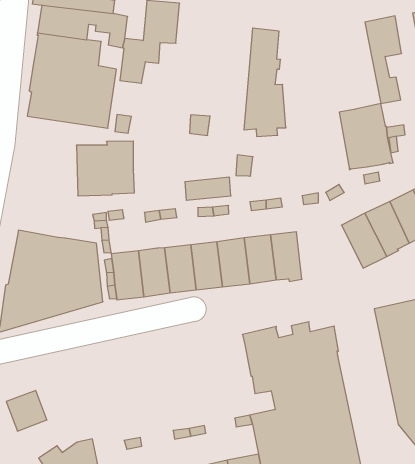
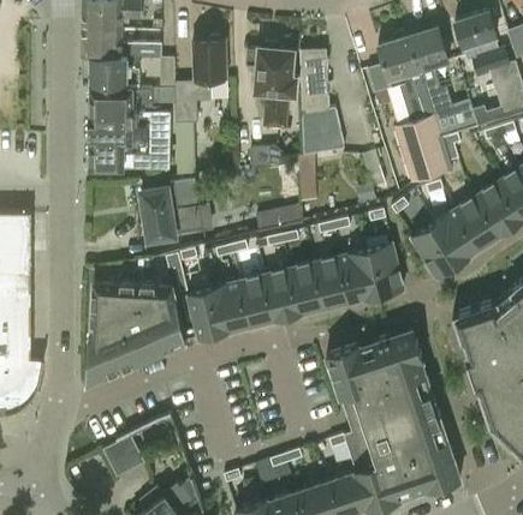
building: none -> [246,48,296,130]
building: none -> [368,36,434,124]
building: none -> [367,244,403,295]

